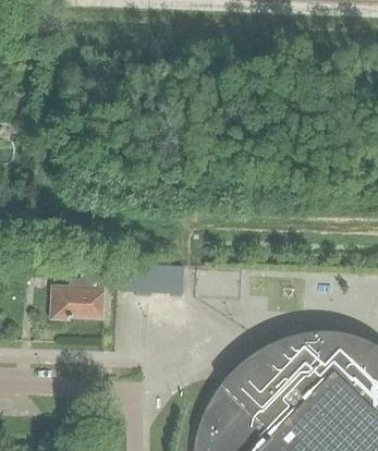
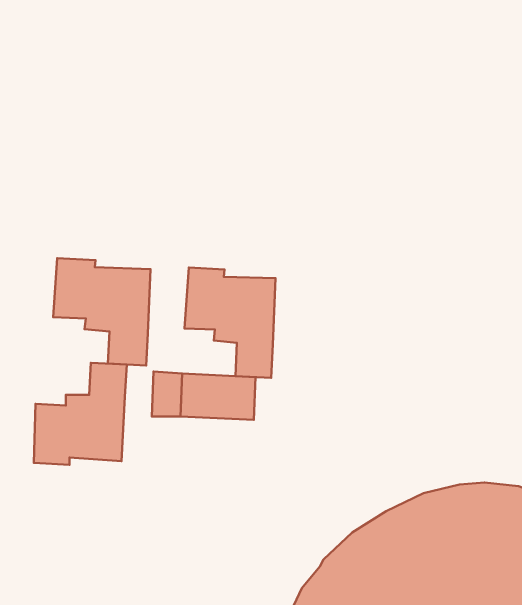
building: none -> [53,258,151,365]
building: none -> [185,268,276,378]

